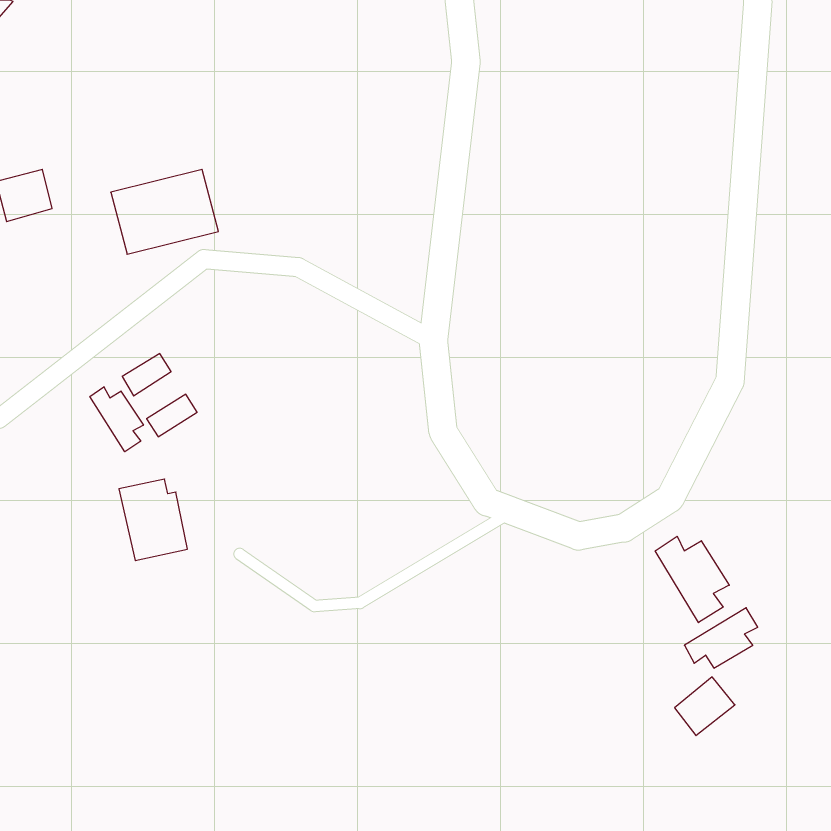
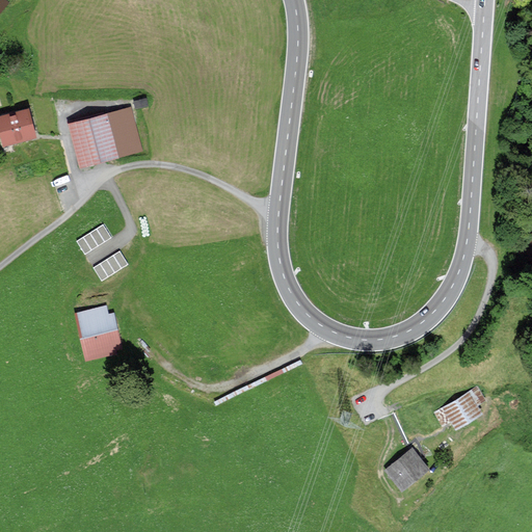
building: [90,387,143,452] -> none
building: [655,536,729,623] -> none
building: [675,677,735,736] -> [388,450,426,487]

